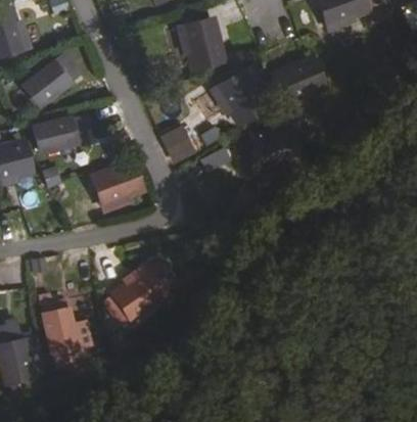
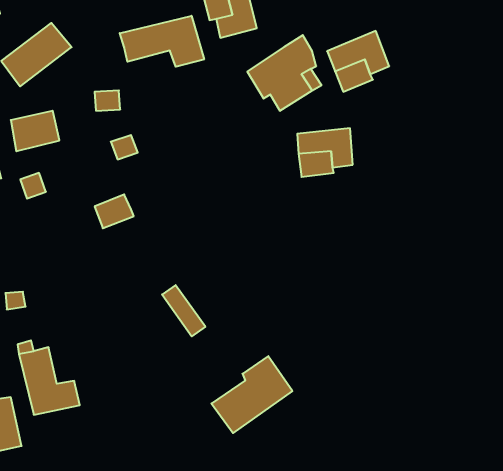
building: none -> [120,16,204,67]
building: [160,123,198,163] -> none
building: [95,163,141,195] -> none
building: [104,267,166,325] -> [211,356,292,433]

